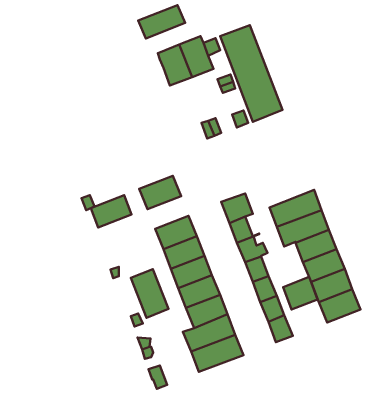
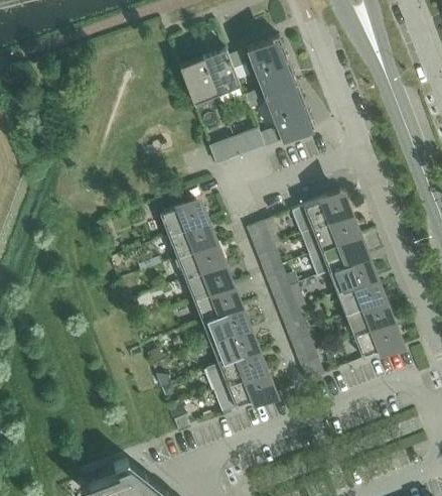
building: [138,5,185,39] -> none
building: none -> [293,193,349,234]
building: [91,195,132,228] -> [169,222,213,257]
building: [131,269,168,318] -> none
building: [283,277,318,310] -> none

